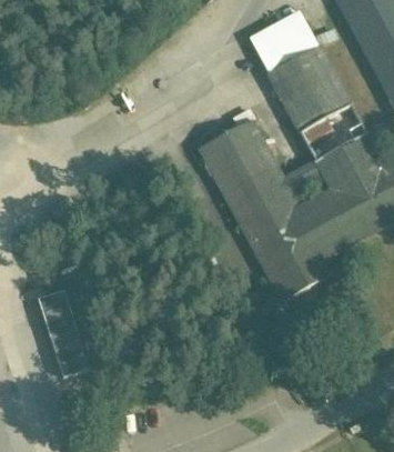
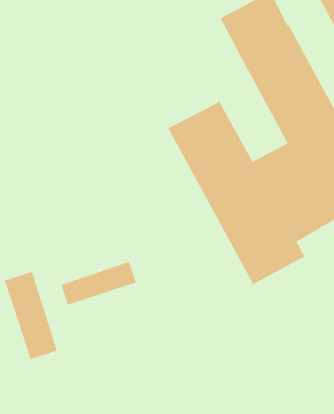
building: none -> [61,261,137,306]

